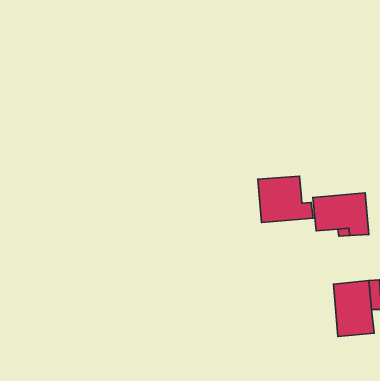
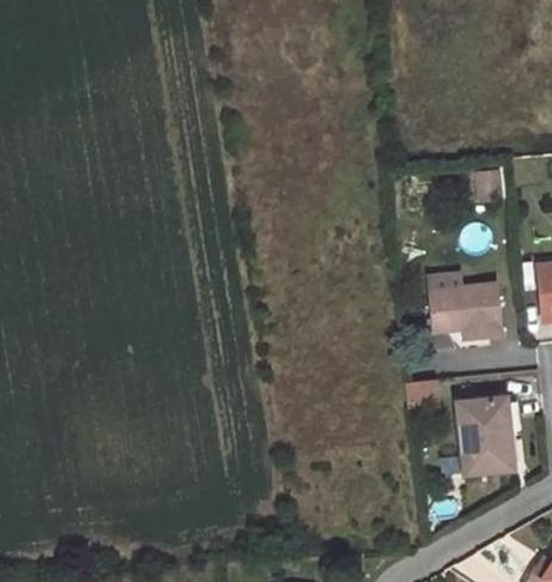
building: [258,176,313,223] -> none

